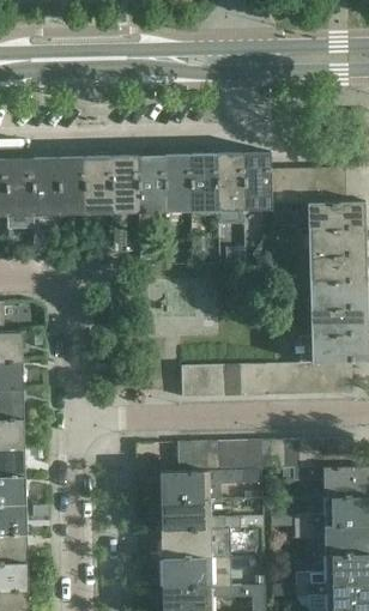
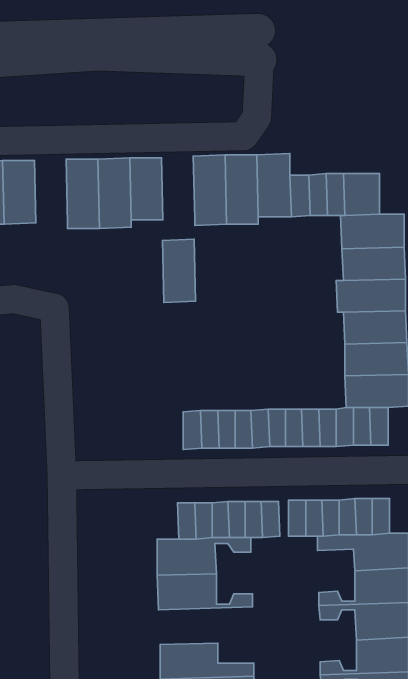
building: [163,155,190,207] -> [162,239,196,303]
building: [58,157,85,210] -> none
building: [161,528,238,559] -> none

